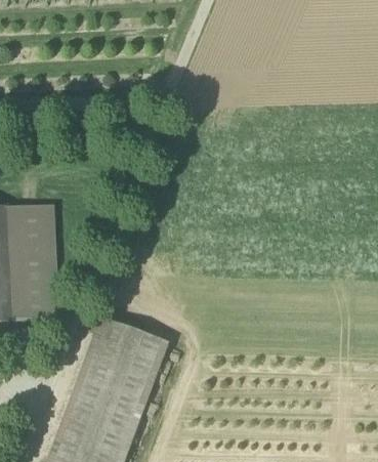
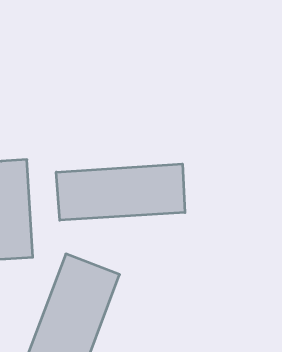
building: none -> [56,164,185,220]

